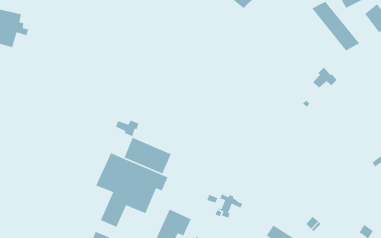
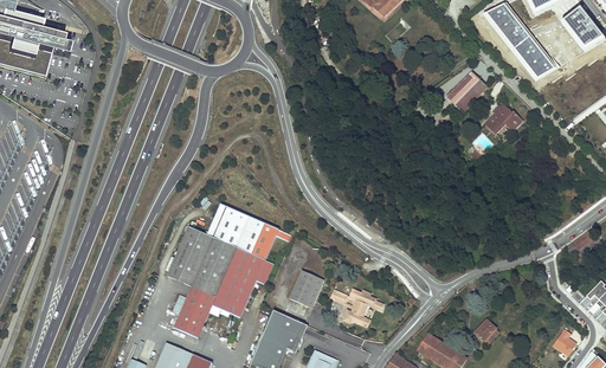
building: none -> [446,71,486,112]
building: [115,119,139,137] -> none
building: none -> [289,270,323,308]

